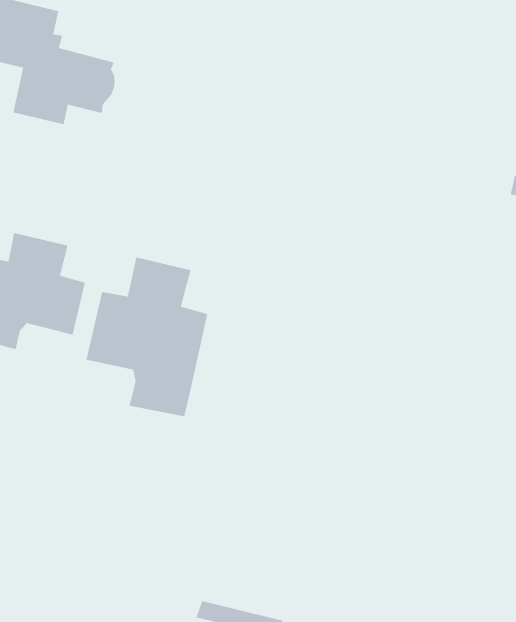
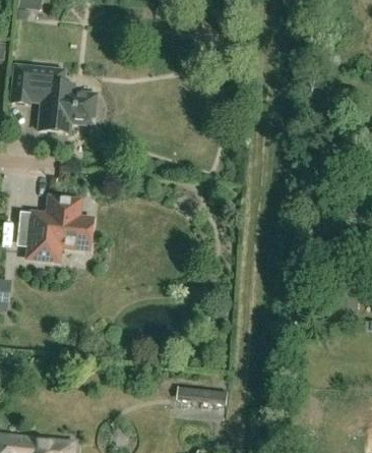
building: [85,257,208,417] -> none

